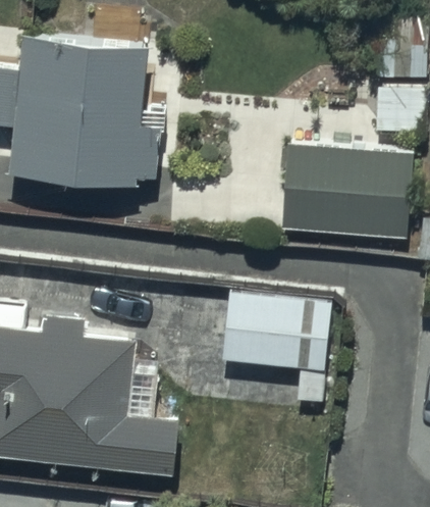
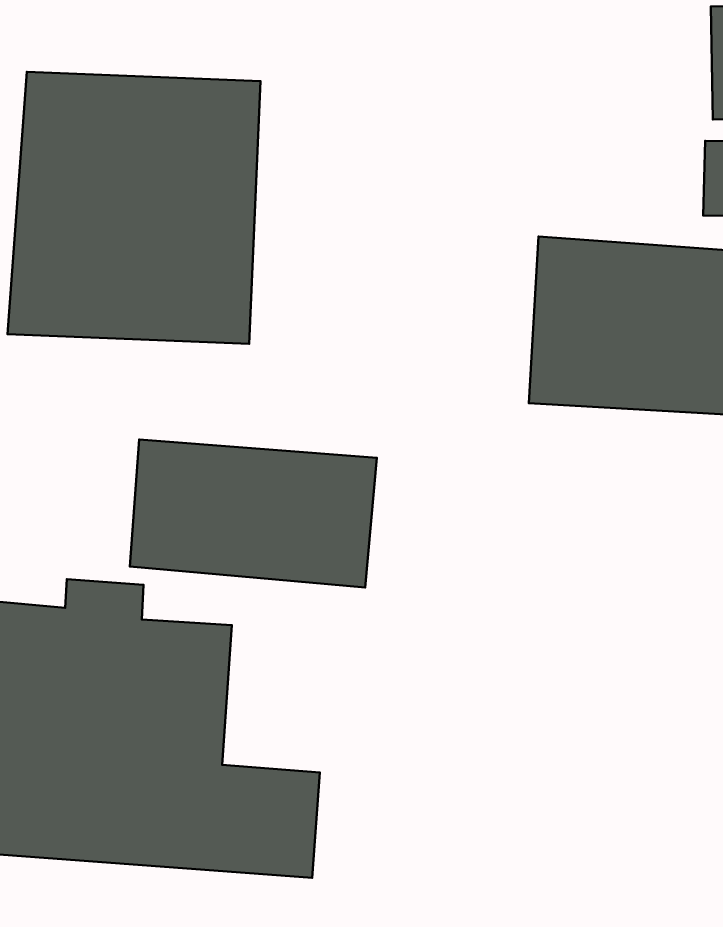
building: none -> [130,440,377,588]
building: [224,287,335,398] -> none

